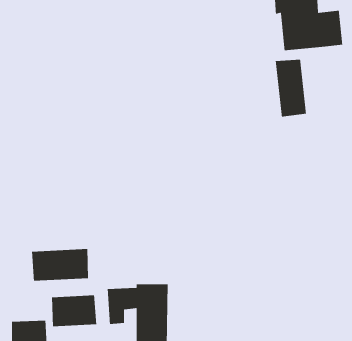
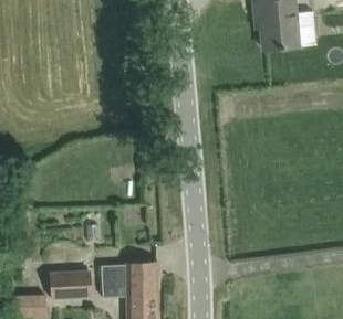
building: [275,59,307,117] -> none
building: [31,248,89,282] -> none

